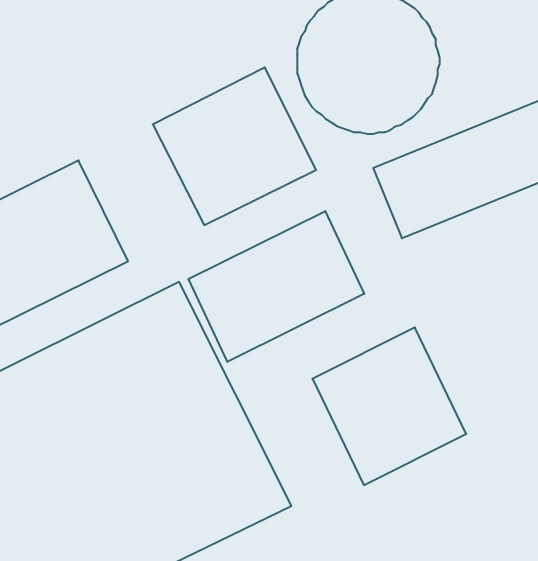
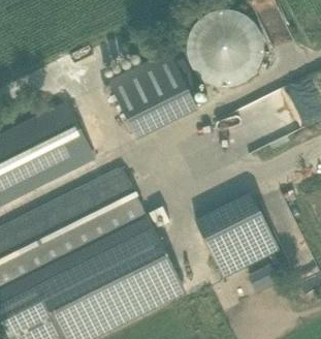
building: [188,211,364,362] -> none

